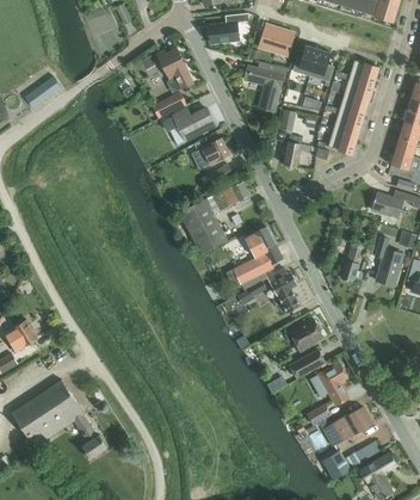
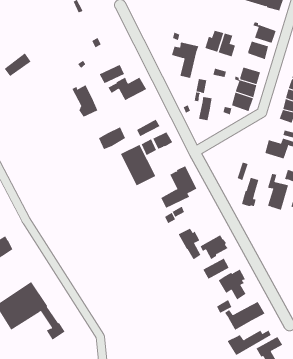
building: [208,13,248,44] -> none
building: [257,24,295,57] -> none
building: [156,49,192,93] -> [71,84,98,118]
building: [340,74,372,103] -> [252,22,277,43]
building: [191,138,228,169] -> [98,126,126,150]
building: [266,268,297,311] -> [178,228,201,260]

